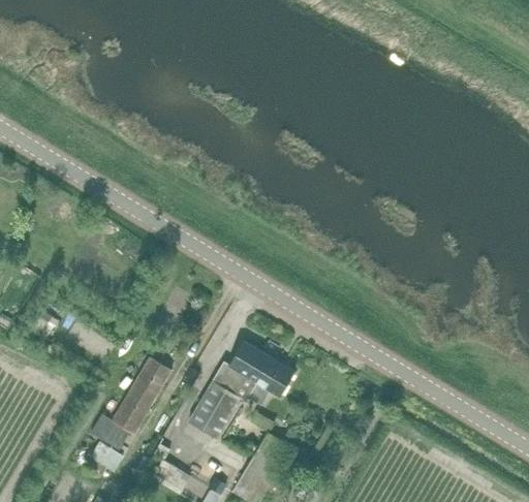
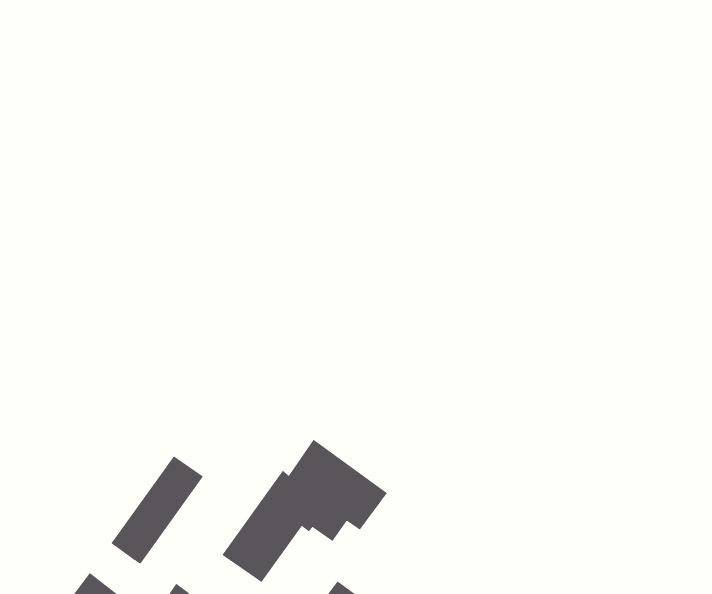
building: [90,415,129,450] -> none

